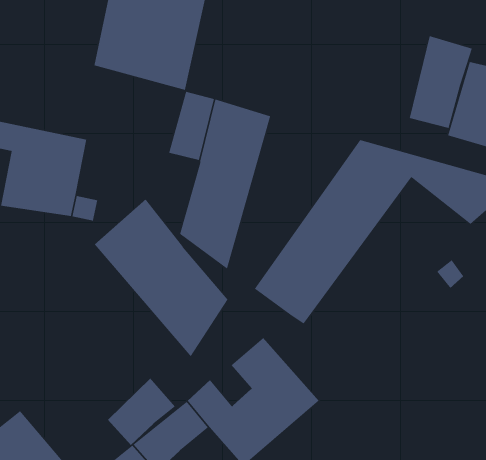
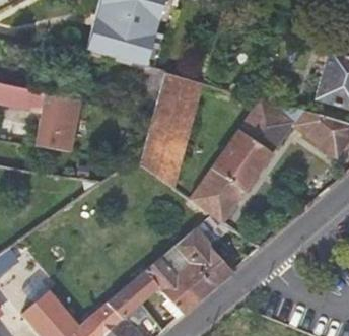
building: [409,35,473,129] -> none
building: [94,199,228,358] -> none
building: [107,377,176,446] -> none

